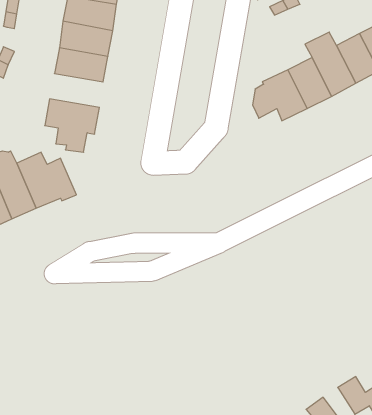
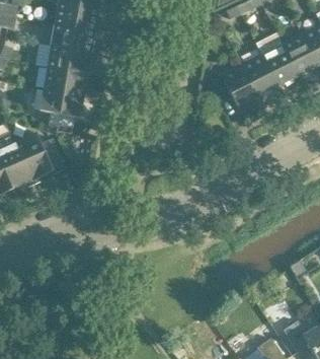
building: none -> [44,67,88,95]

